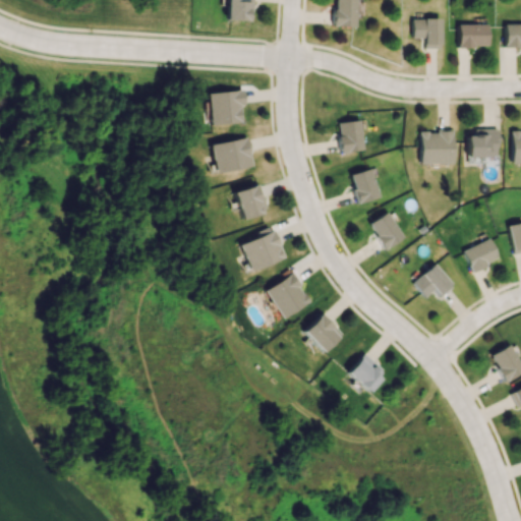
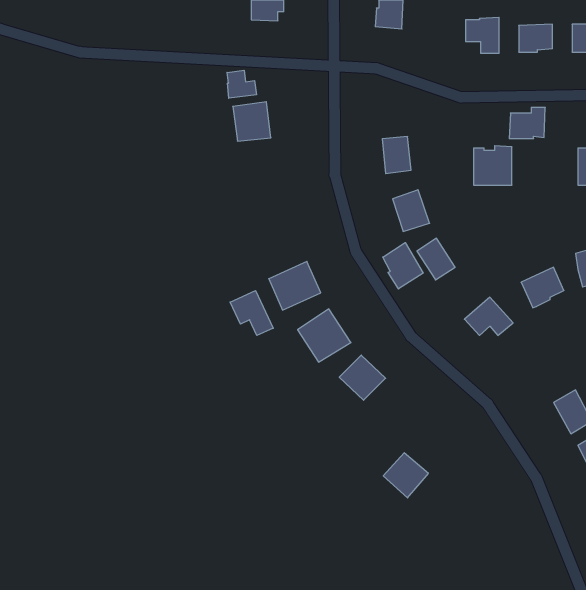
building: none -> [227,70,256,98]
building: [469,130,501,158] -> [509,107,545,139]
building: [213,137,254,174] -> none
building: [235,186,266,221] -> none
building: none -> [383,243,423,289]
building: none -> [230,291,273,335]
building: [348,354,388,394] -> [383,453,428,498]

